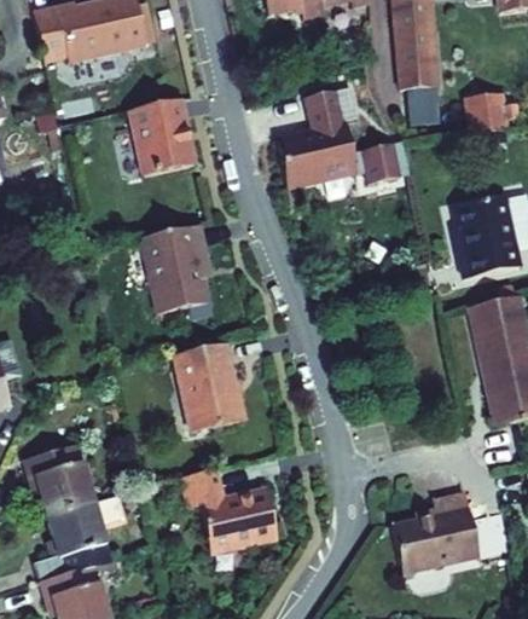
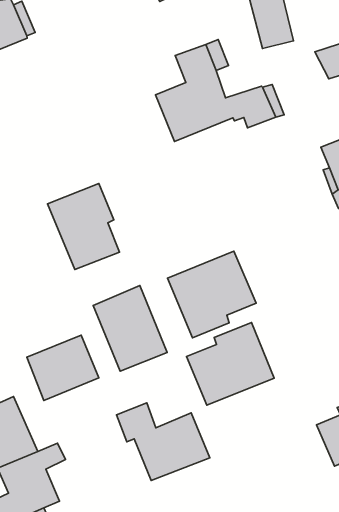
building: [128,94,197,174] -> none
building: none -> [168,251,256,338]
building: none -> [27,335,99,400]
building: none -> [187,323,274,405]

